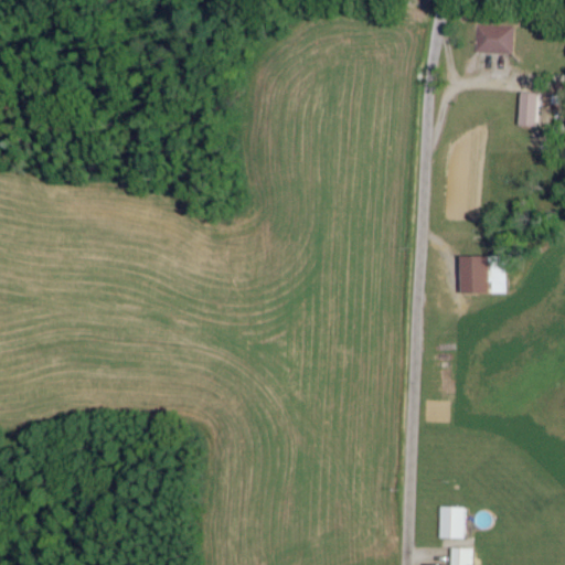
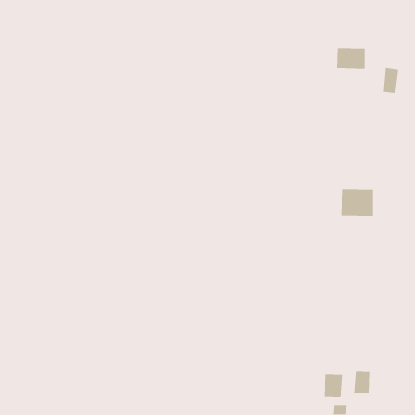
building: [471,23,511,53] -> [336,47,365,69]
building: none -> [354,371,371,394]

